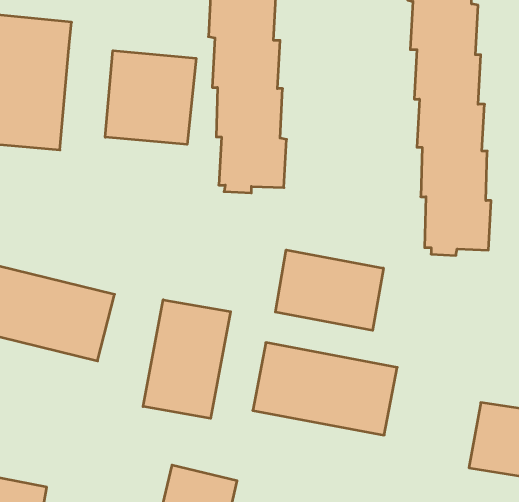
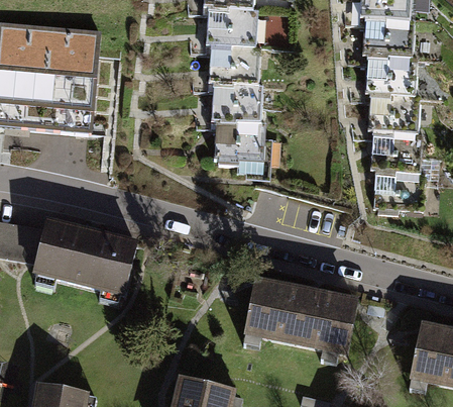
building: [105,51,196,144] -> none
building: [275,250,383,330] -> none
building: [143,300,231,418] -> none

